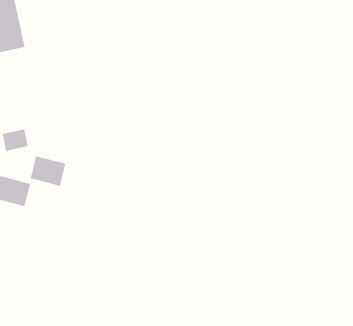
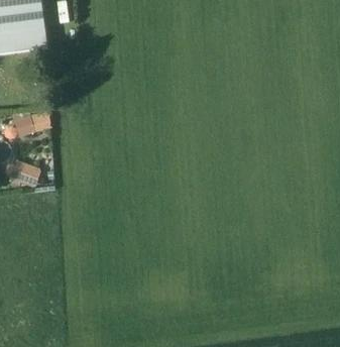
building: [30,155,66,187] -> none

